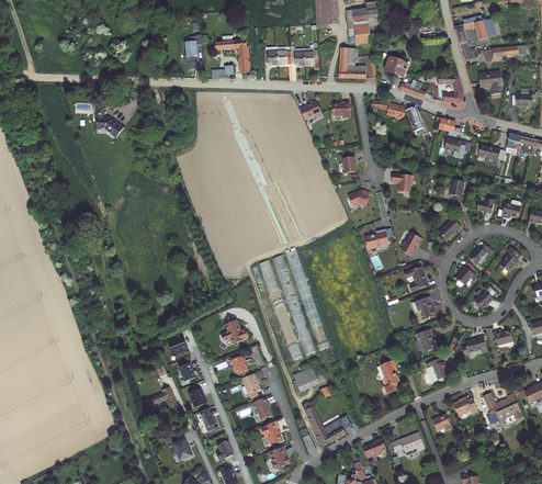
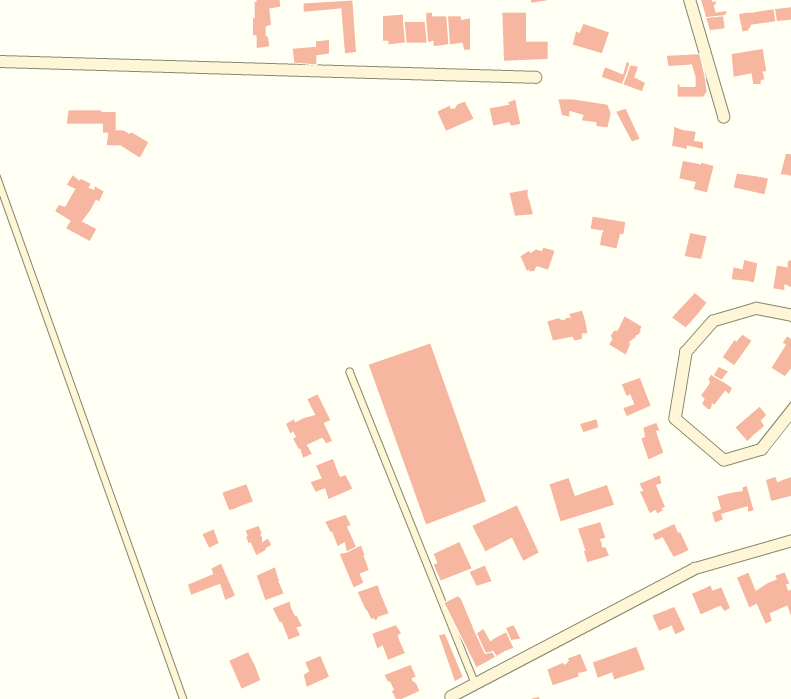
building: none -> [54,174,105,242]
building: none -> [285,393,333,458]
building: none -> [549,477,615,522]
building: none -> [472,504,540,562]

